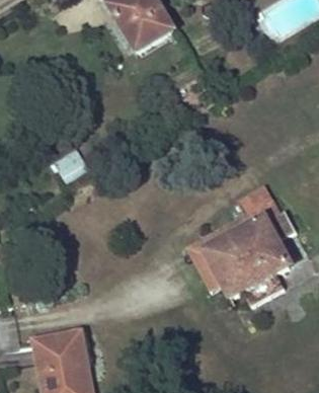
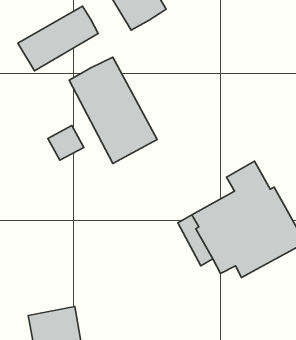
building: none -> [18,6,98,71]
building: none -> [69,57,157,164]

